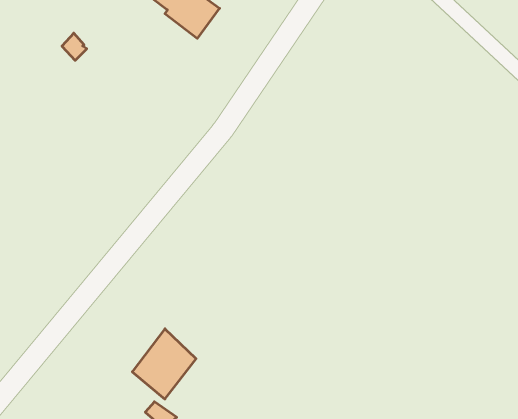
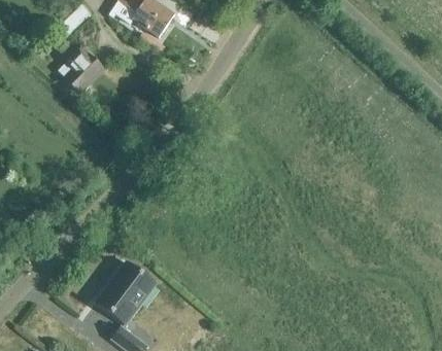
building: none -> [58,46,105,95]

